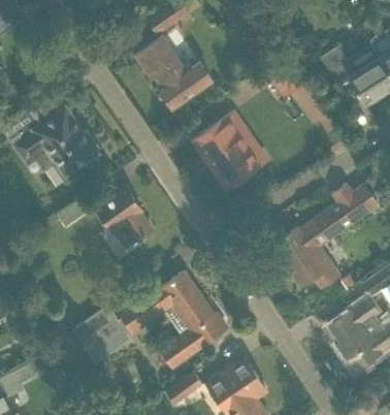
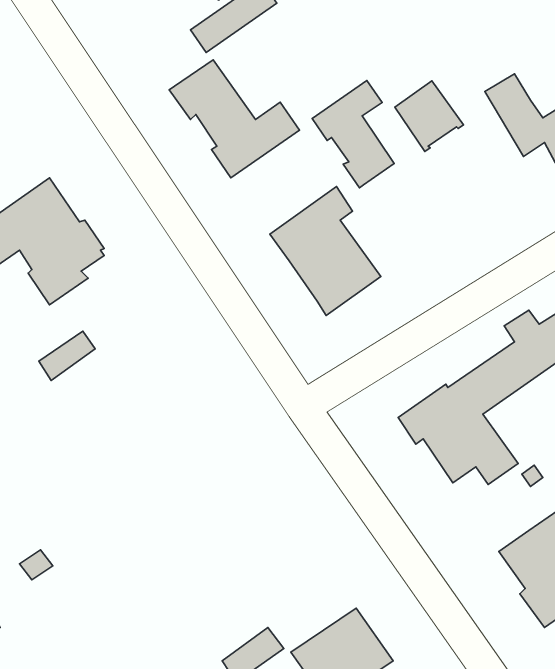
building: none -> [312,81,394,188]
building: [94,187,152,255] -> none
building: [72,273,226,366] -> none

